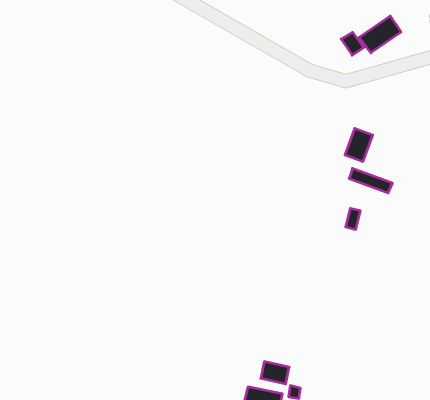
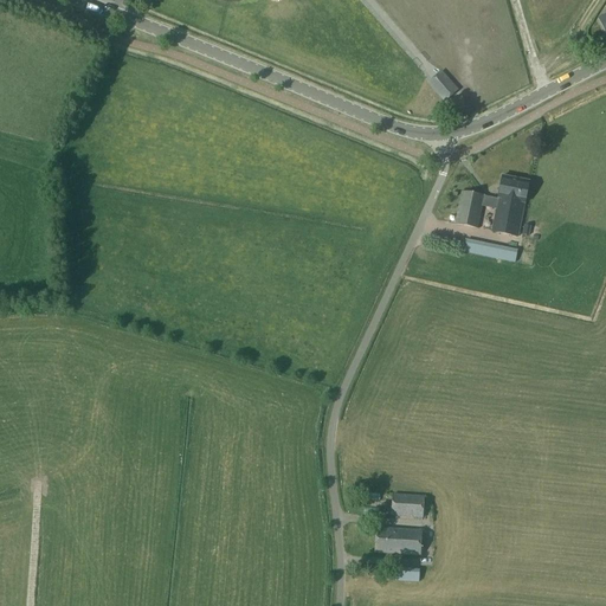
building: [359,16,401,53] -> none
building: none -> [491,174,529,234]

